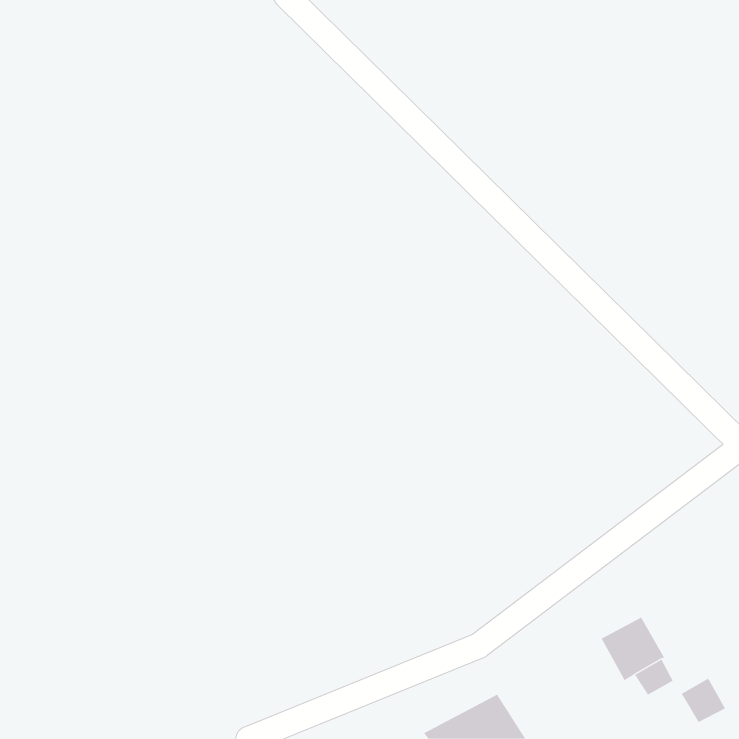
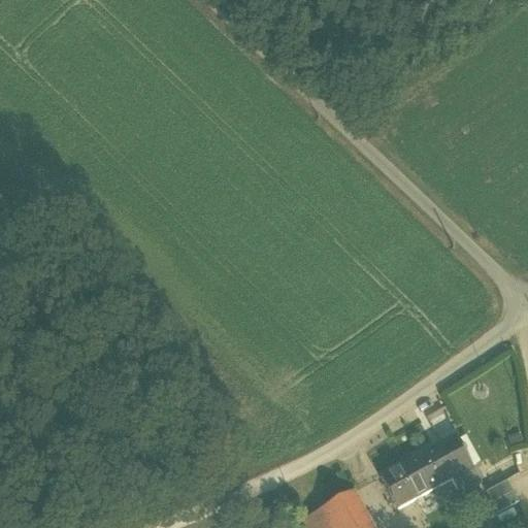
building: none -> [384,453,442,506]

